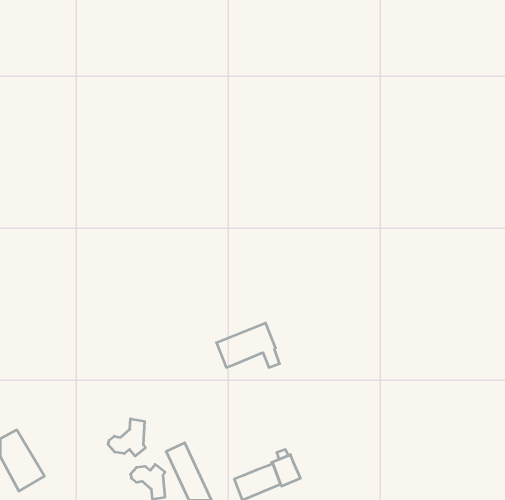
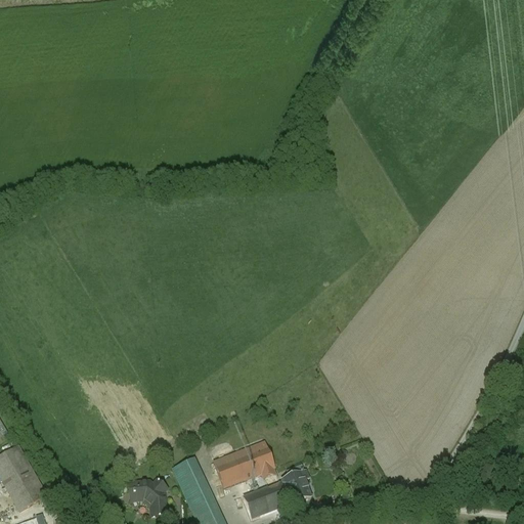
building: [216,323,280,367] -> [213,440,278,486]
building: [108,419,145,456] -> none

